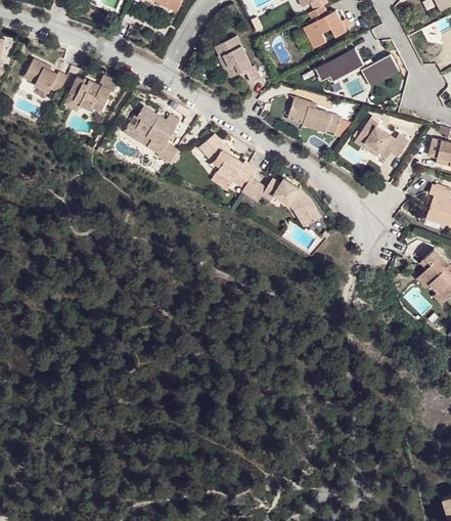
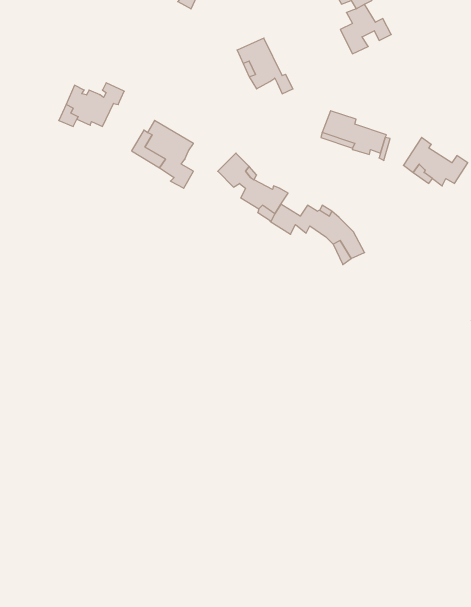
building: [315,45,363,81] -> none
building: [361,56,400,89] -> none
building: [25,57,66,91] -> none

